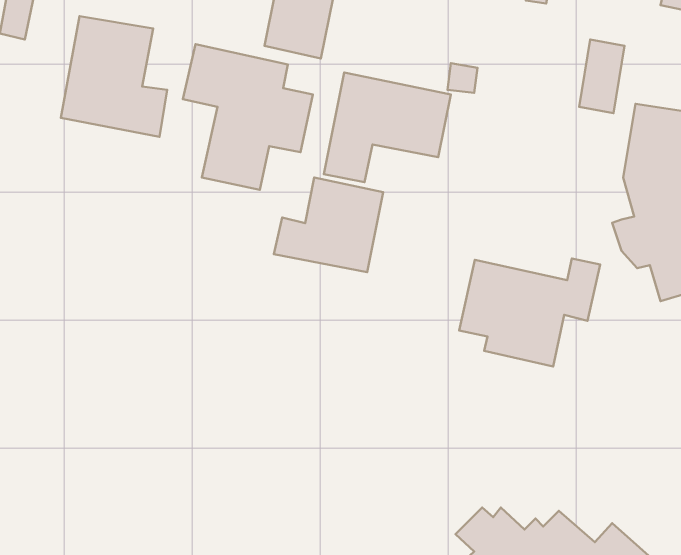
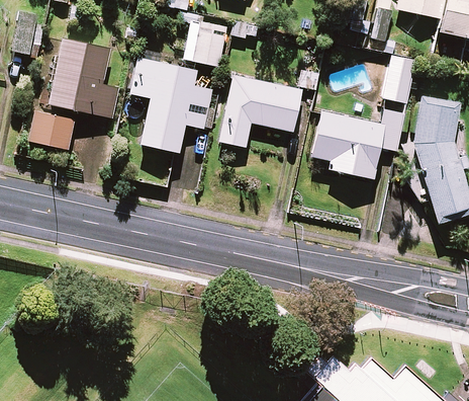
building: none -> [30,114,74,148]
building: [274,178,383,272] -> none
building: [459,258,600,366] -> [312,109,403,179]

